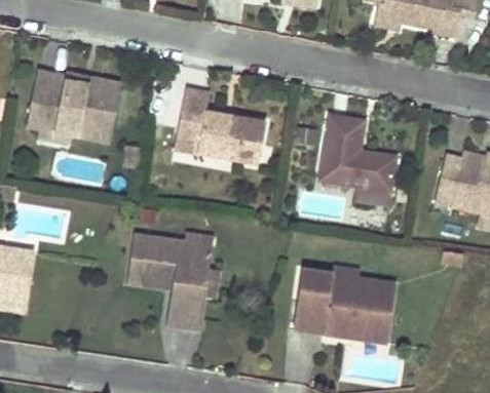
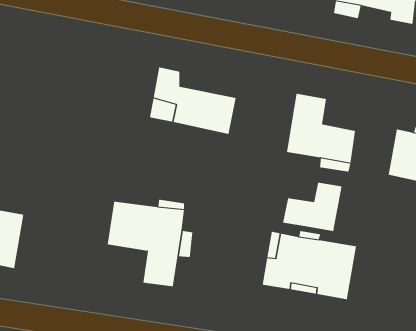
building: [28,67,121,142] -> none
building: none -> [283,182,342,232]

